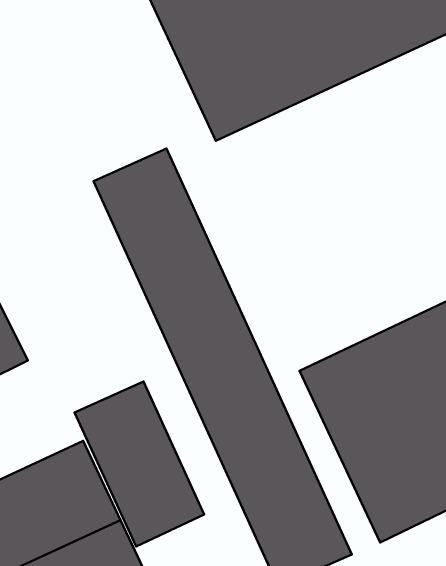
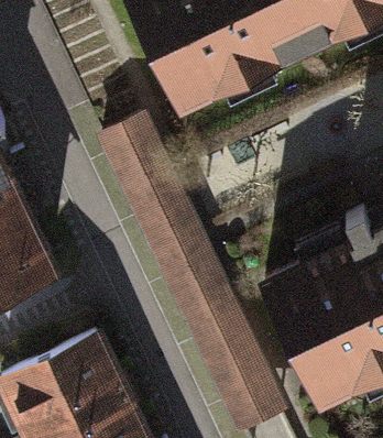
building: [74,381,204,546] -> none

